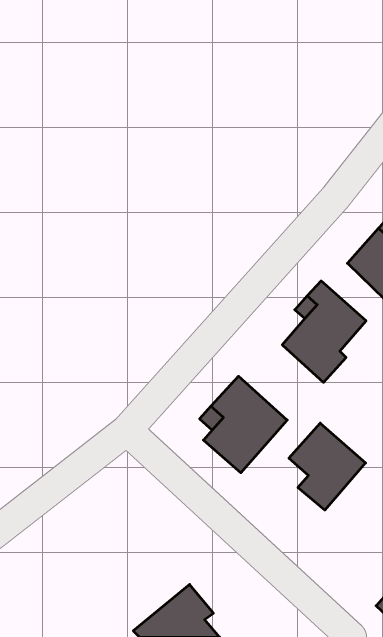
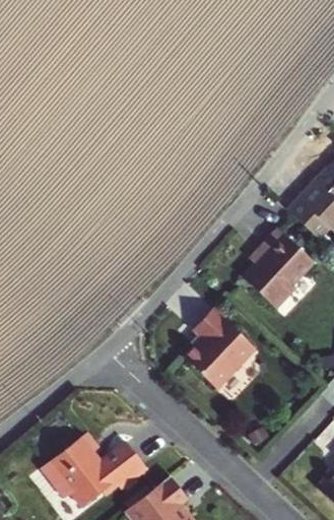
building: [289,423,366,510] -> none
building: none -> [45,438,147,505]

